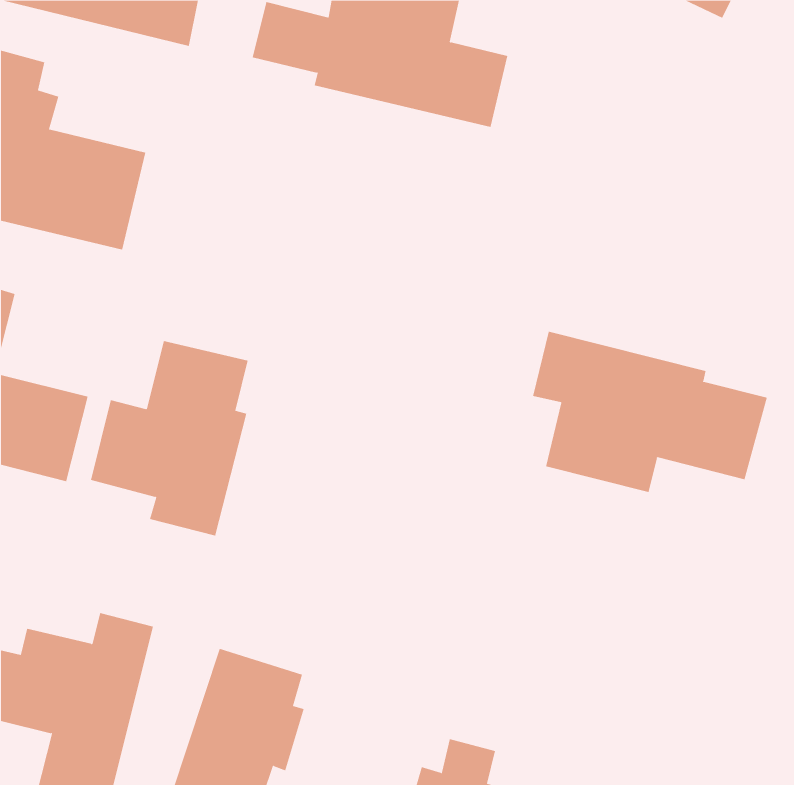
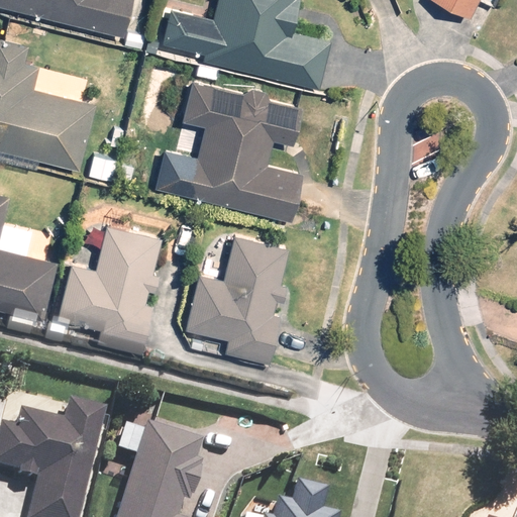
building: none -> [167,80,299,220]
building: [532,331,767,493] -> none
building: none -> [186,235,289,364]

